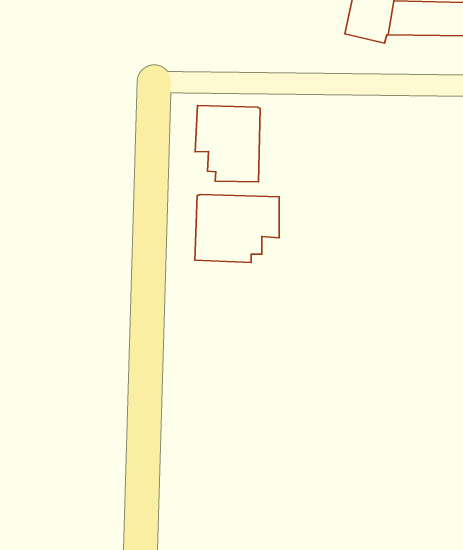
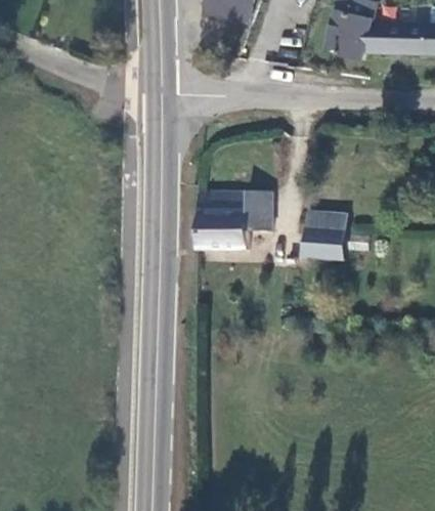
building: [195,105,260,182] -> none
building: none -> [304,195,348,258]

